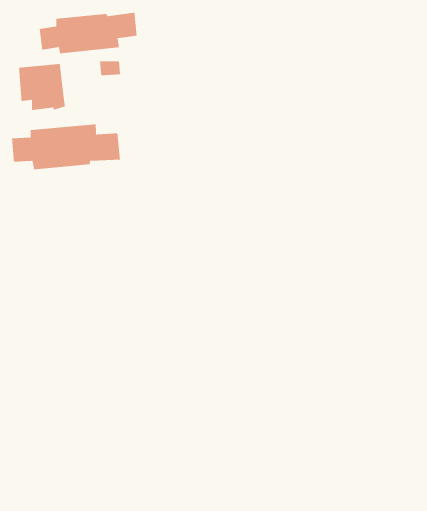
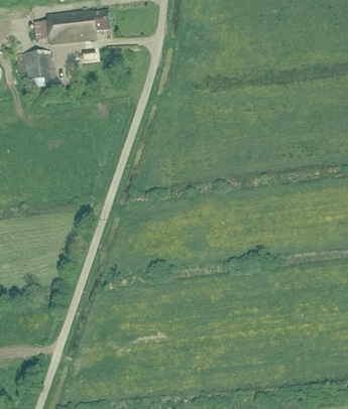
building: [11,124,121,170] -> none

